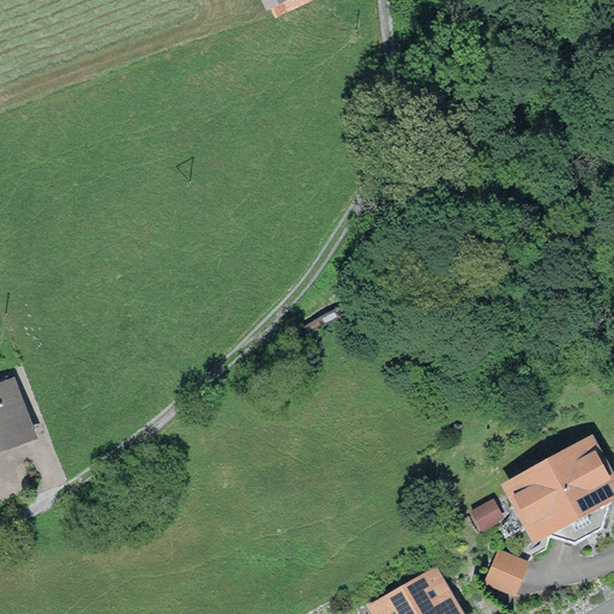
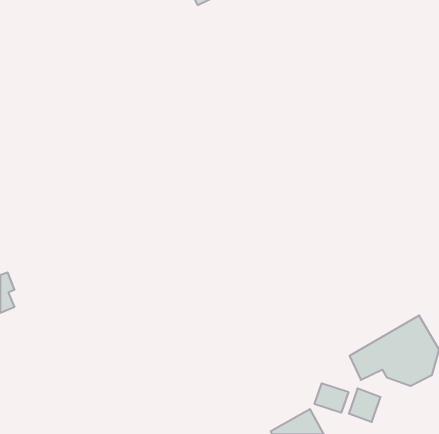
building: none -> [315,383,348,413]

